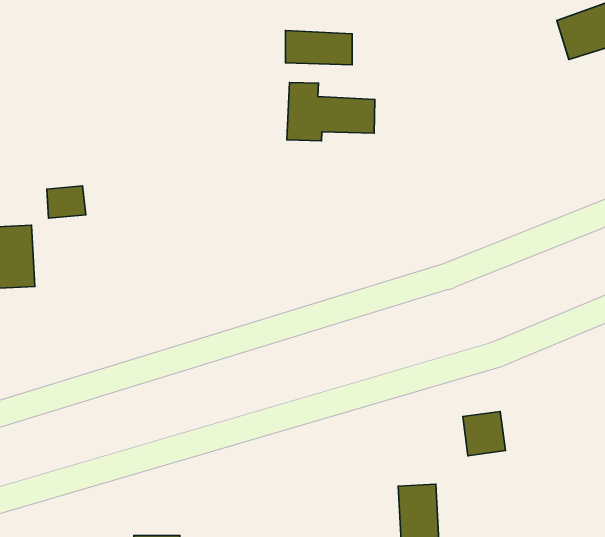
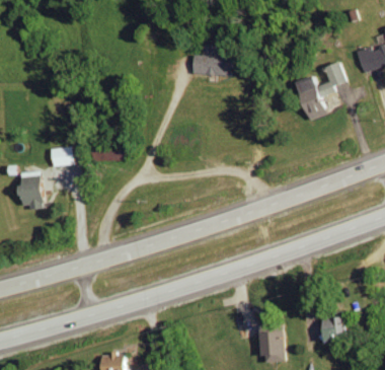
building: none -> [297,63,343,119]
building: [287,82,375,141] -> none
building: [463,411,505,456] -> [319,316,344,343]

